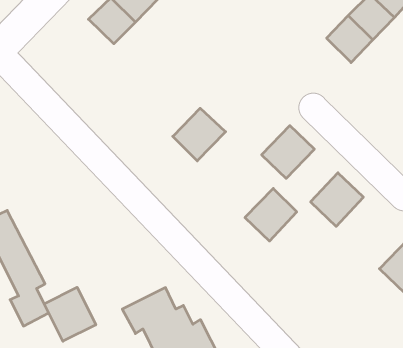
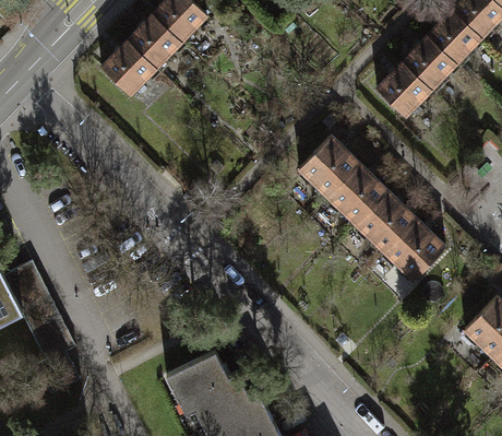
building: none -> [99,42,155,97]
building: none -> [375,63,430,118]
building: [173,108,226,161] -> [298,138,359,199]
building: [245,188,297,241] -> [355,192,415,254]
building: [44,287,96,341] -> none

